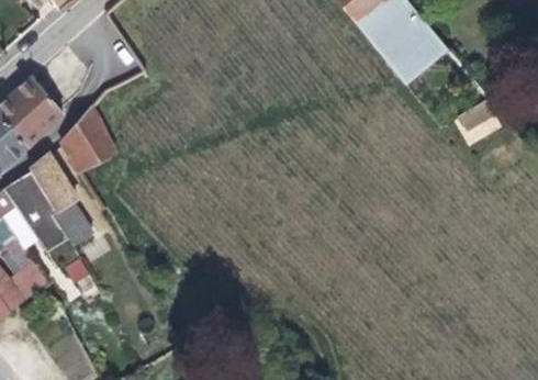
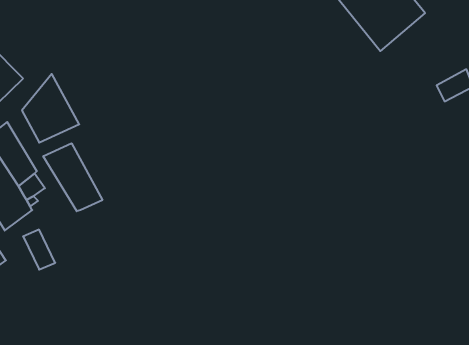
building: none -> [43,143,102,211]

